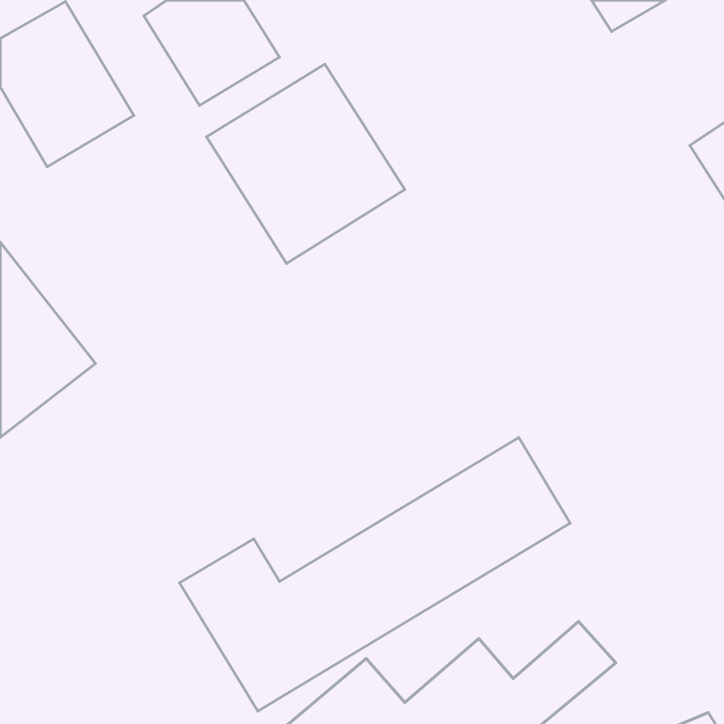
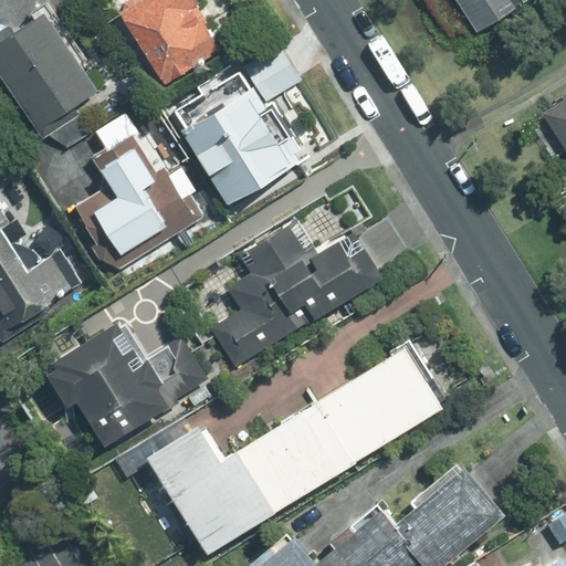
building: none -> [71,119,208,283]
building: none -> [208,223,385,376]
building: none -> [42,318,207,457]

